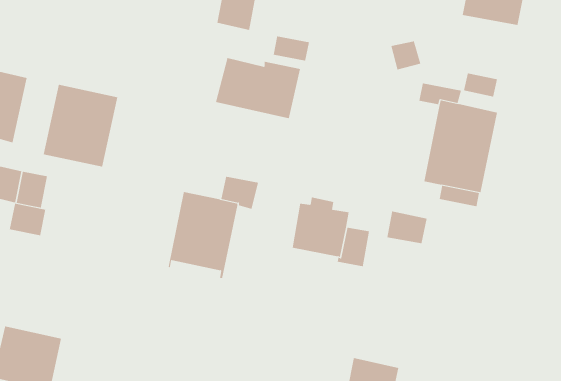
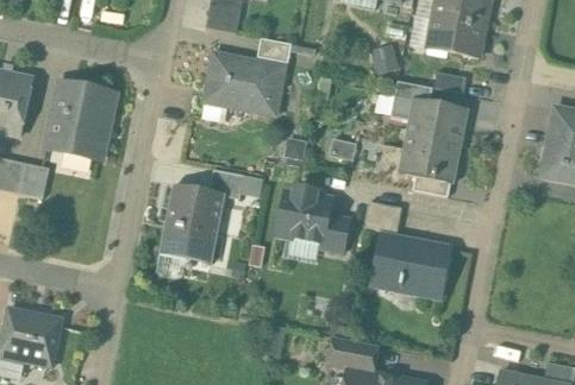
building: none -> [429,18,487,58]
building: [9,203,46,236] -> none
building: none -> [373,233,449,296]

